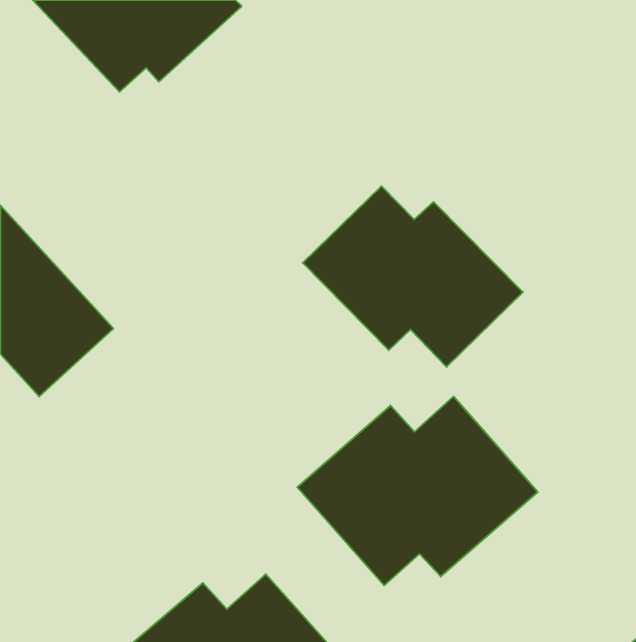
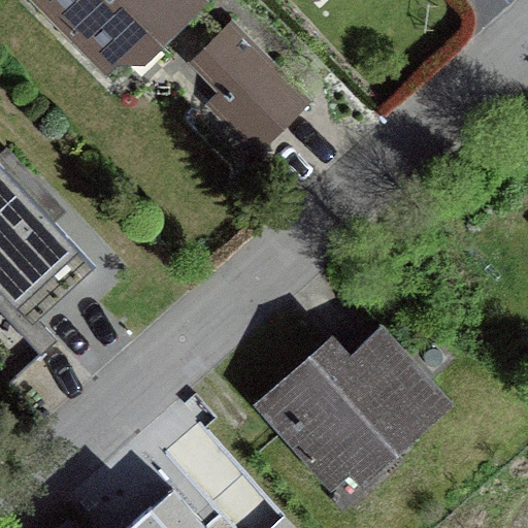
building: none -> [214,32,307,152]
building: [303,186,523,367] -> none

